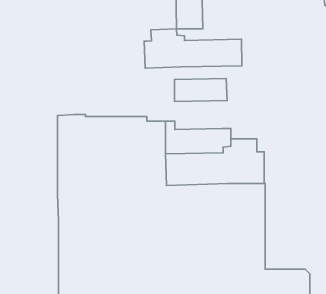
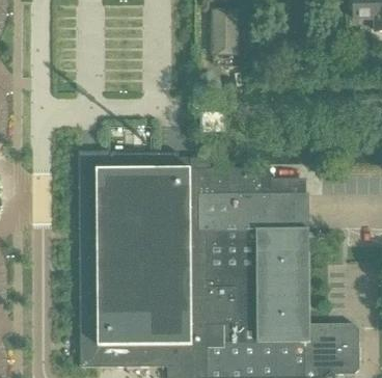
building: [144,29,242,68] -> none
building: [175,79,227,101] -> none

